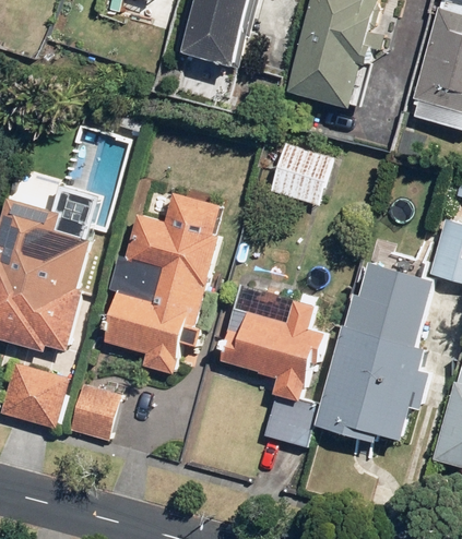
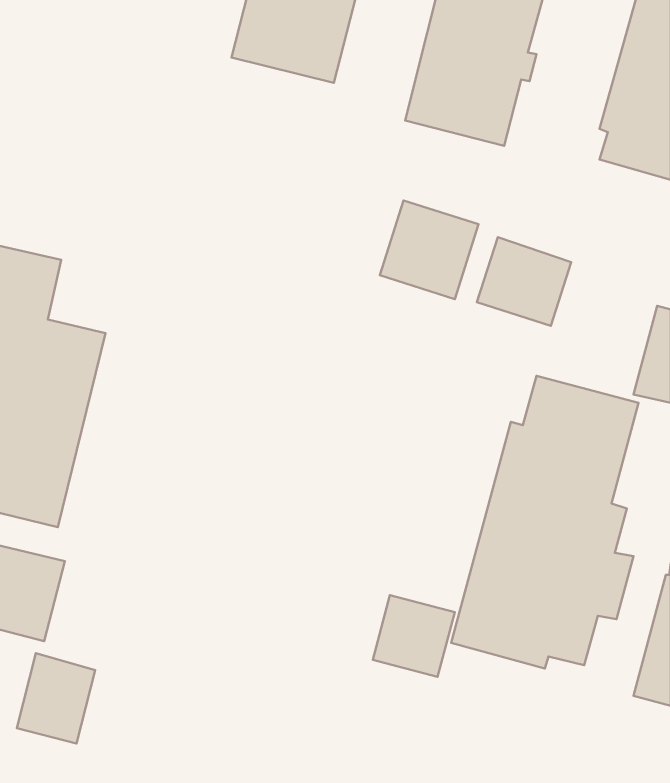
building: none -> [477,237,571,326]
building: [104,194,221,375] -> none
building: [218,287,325,400] -> none
building: [70,384,120,442] -> [17,653,95,743]

